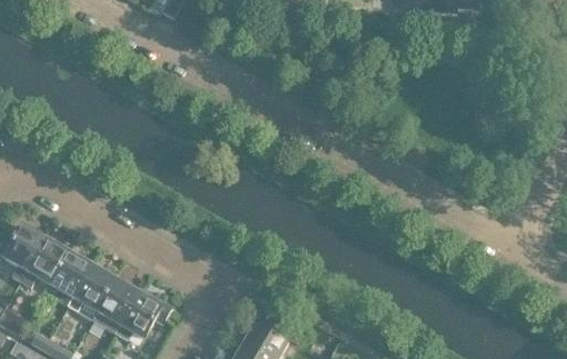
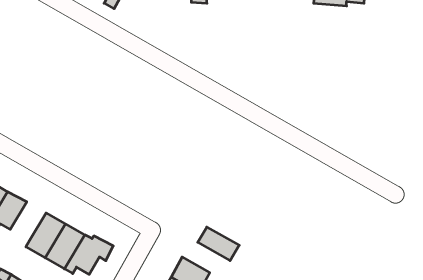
building: [49,250,92,305] -> none
building: none -> [198,227,239,261]

